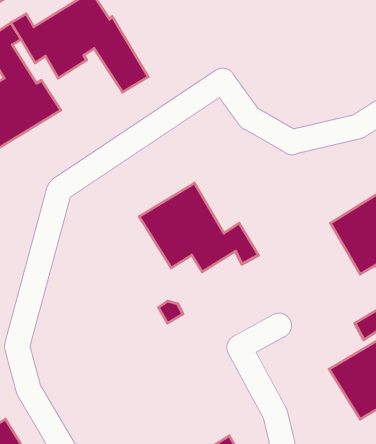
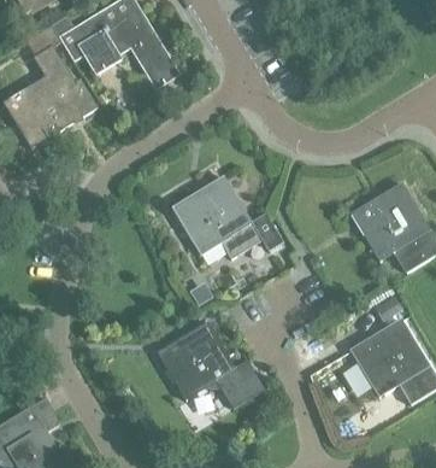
building: none -> [157,320,266,409]

